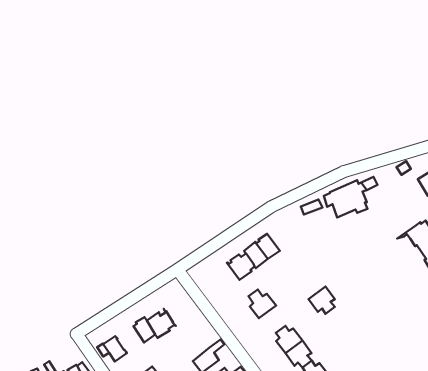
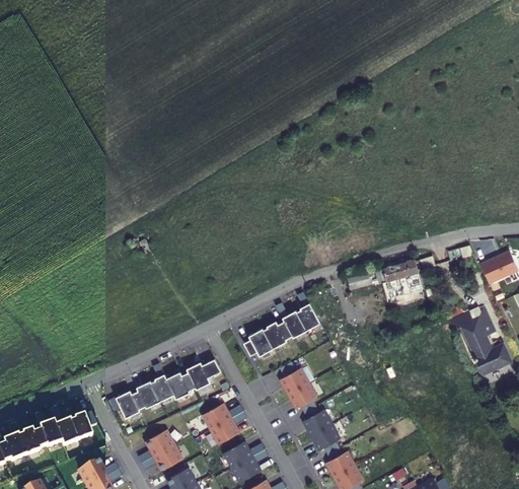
building: none -> [243,328,273,356]
building: [309,287,335,314] -> [288,381,316,411]
building: none -> [187,359,221,389]
building: none -> [131,380,160,409]
building: none -> [202,403,243,429]

